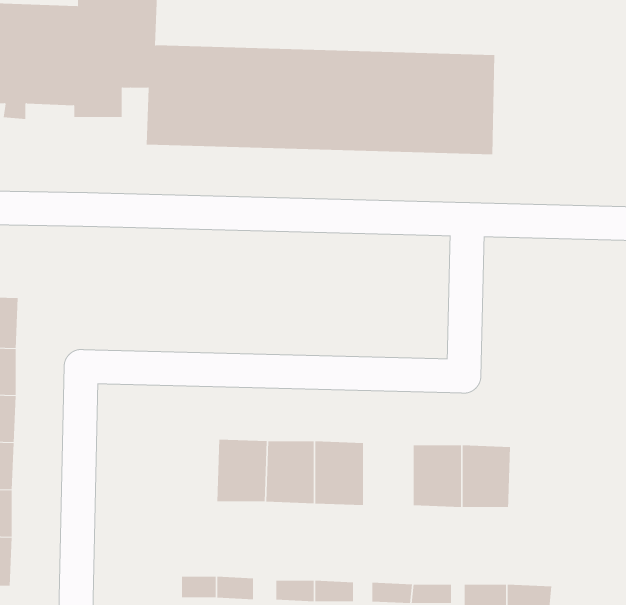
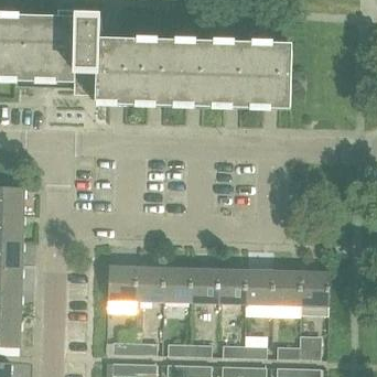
building: none -> [107,263,136,300]
building: none -> [217,267,245,302]
building: none -> [299,269,327,314]

